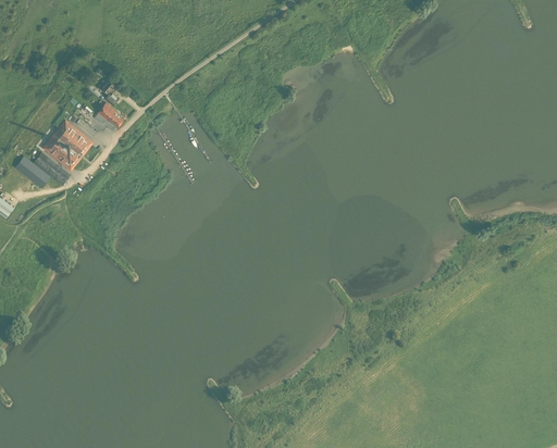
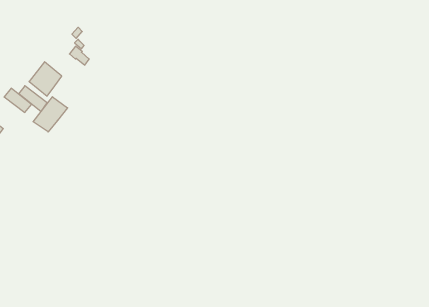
building: none -> [33,97,68,132]

